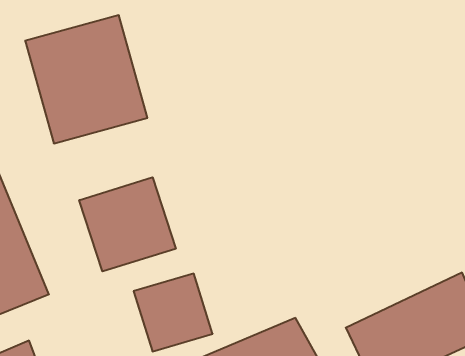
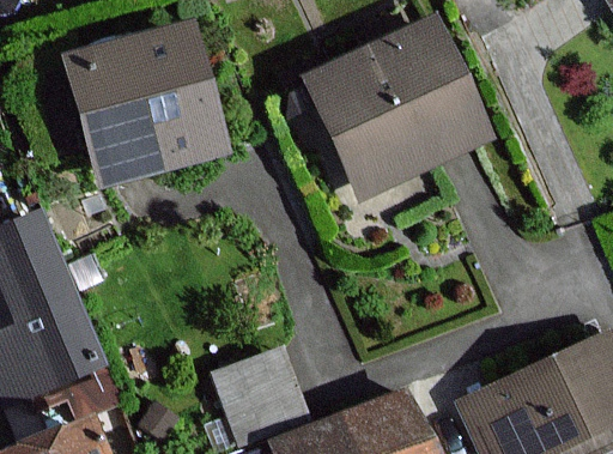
building: none -> [312,23,494,192]
building: [79,177,176,271] -> none

